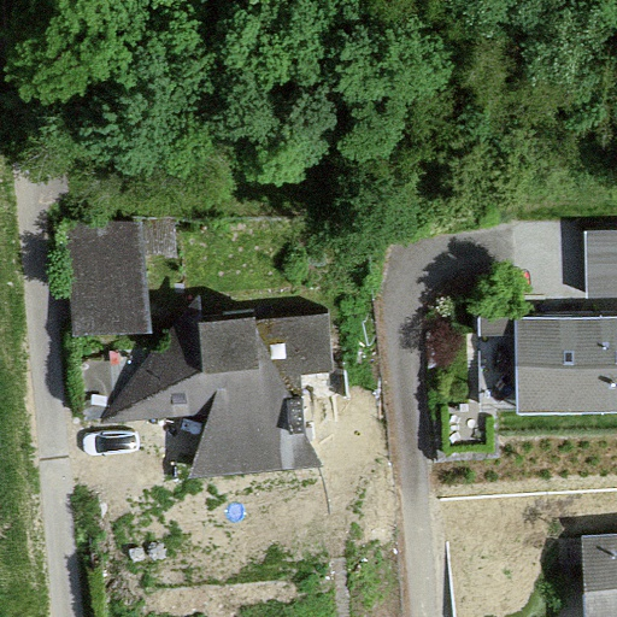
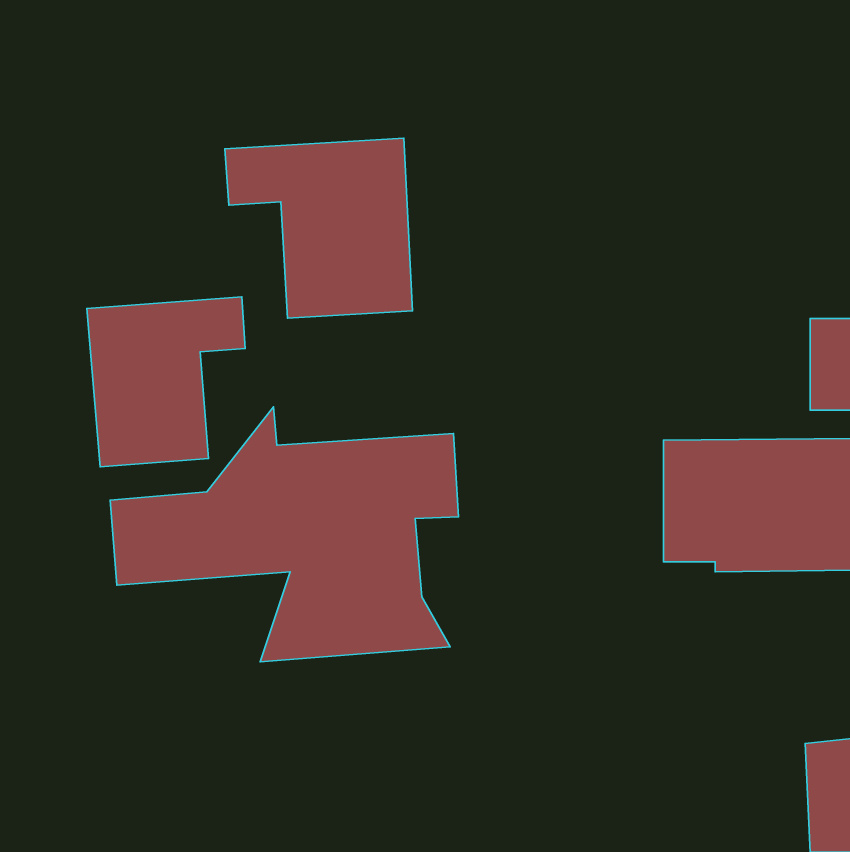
building: none -> [225,138,413,318]

